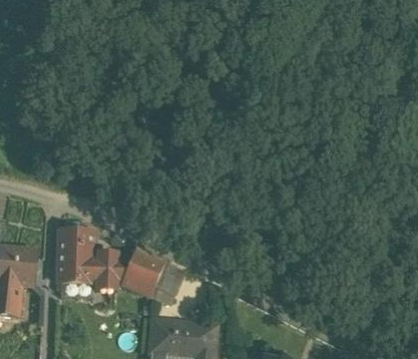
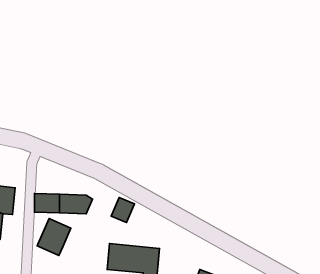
building: [59,231,91,259] -> none
building: [122,251,164,297] -> [37,218,71,256]

